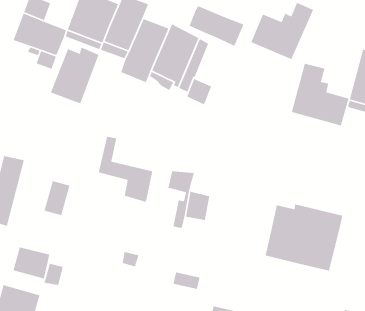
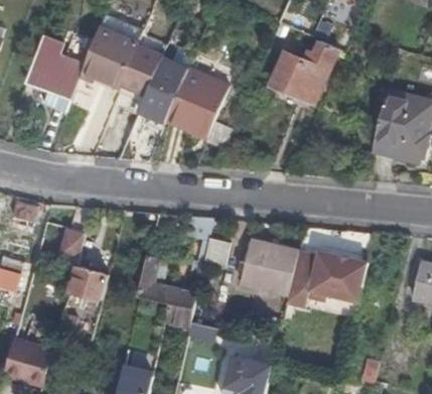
building: [189,5,244,47] -> none
building: [50,47,100,105] -> none
building: [291,63,349,127] -> none
building: [98,136,153,203] -> [139,256,196,325]
building: none -> [241,240,298,292]
building: [12,246,50,279] -> [68,265,108,299]

